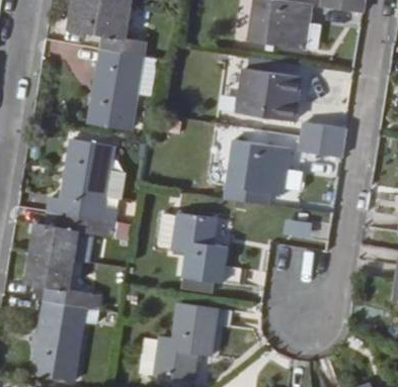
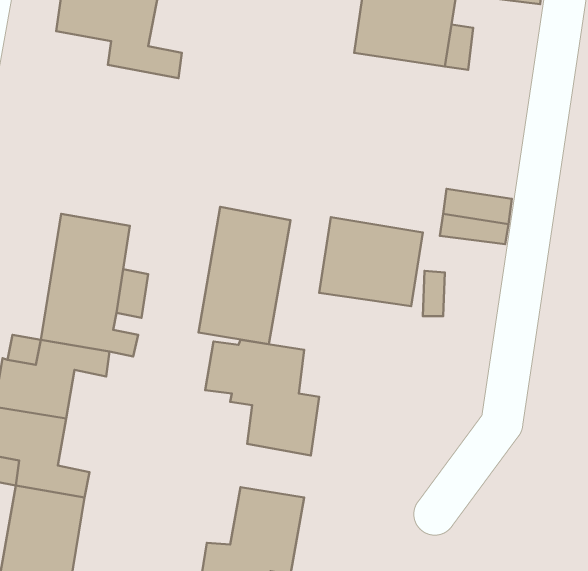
building: [86,49,142,131] -> [198,207,291,344]
building: [237,68,300,122] -> none

